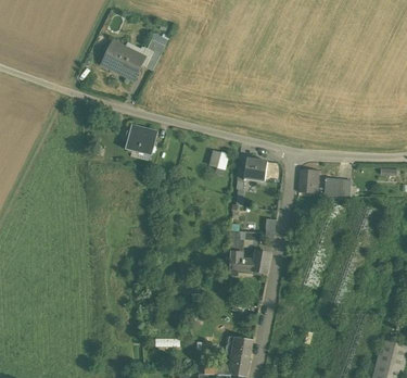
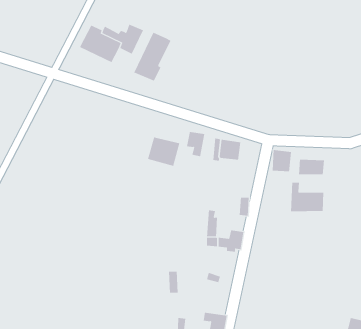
building: none -> [133,32,171,82]
building: [124,125,157,155] -> [147,137,180,167]
building: none -> [290,182,324,212]

